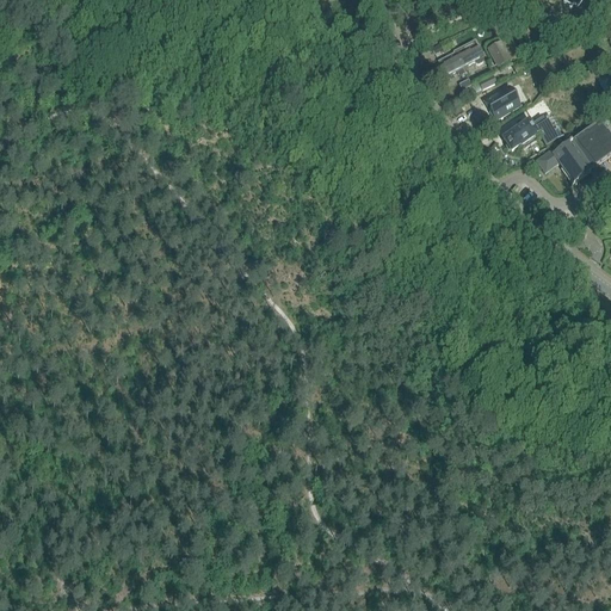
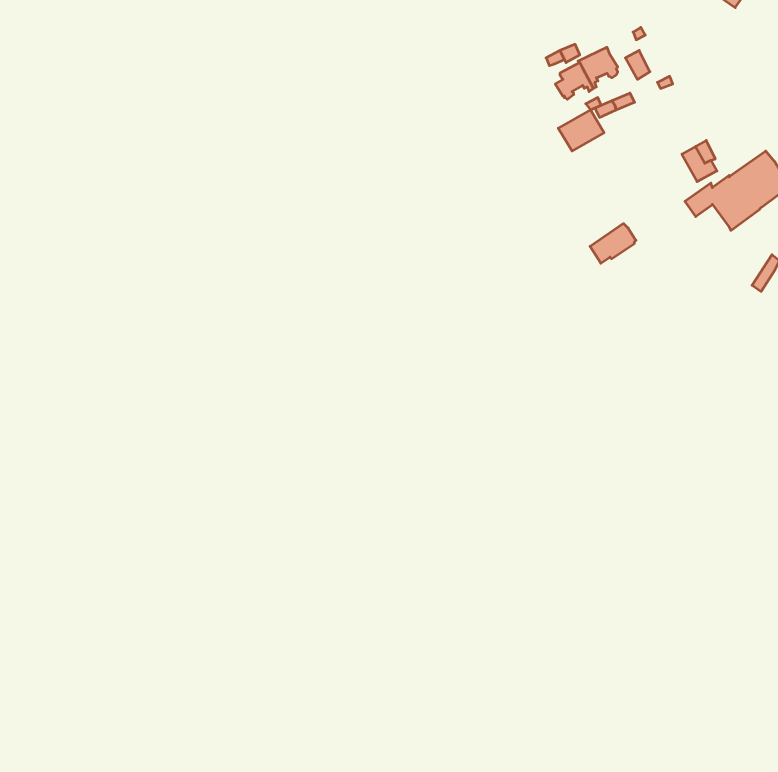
building: [485,85,520,117] -> [558,110,604,151]
building: [504,117,539,148] -> [590,224,636,263]

